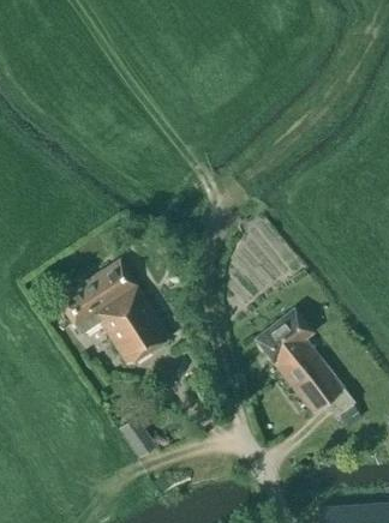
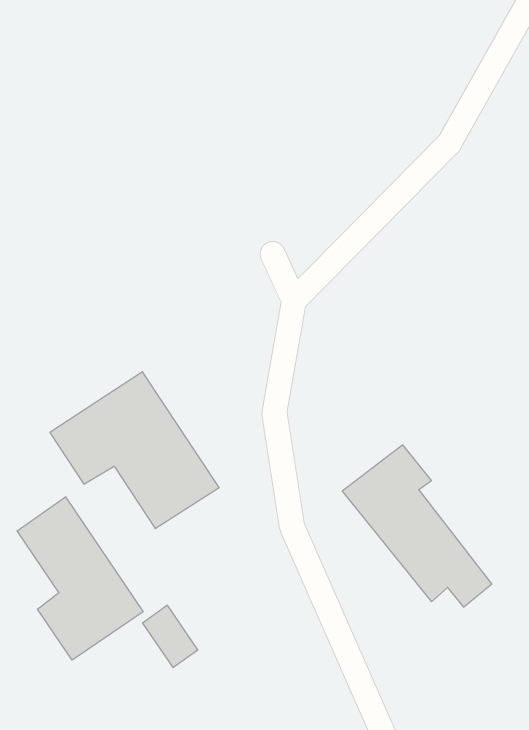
building: none -> [17,497,143,660]

